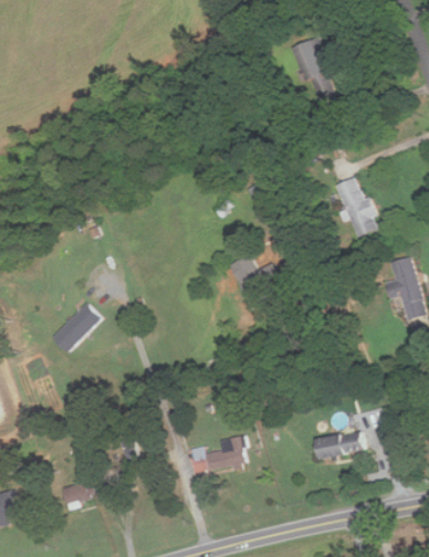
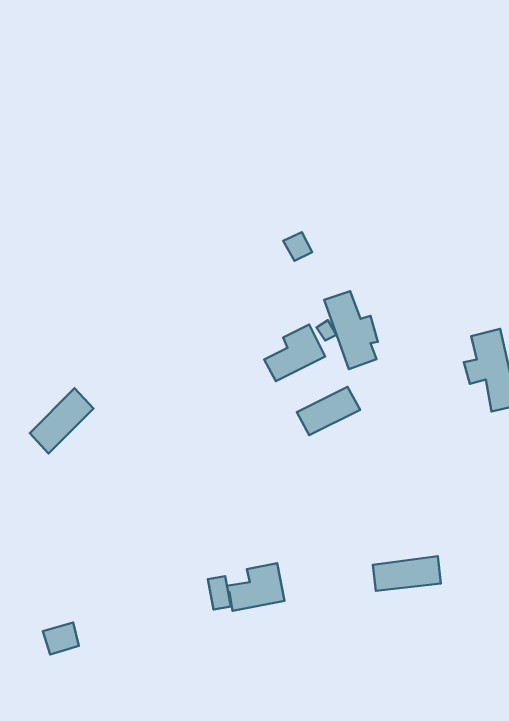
building: [291,36,338,103] -> none
building: [336,177,377,237] -> [324,291,378,369]
building: none -> [297,387,360,435]

